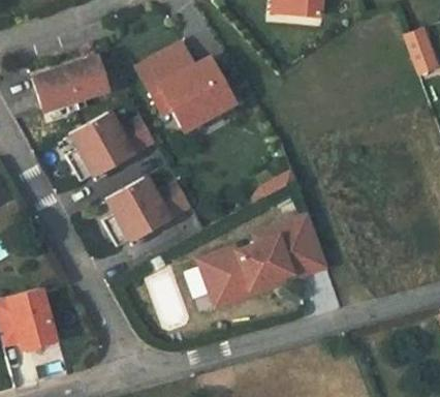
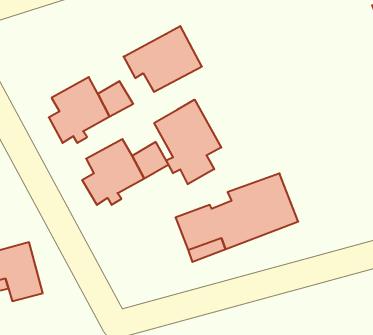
building: [133,43,190,91] -> none
building: [33,58,106,113] -> none
building: none -> [154,100,221,184]

